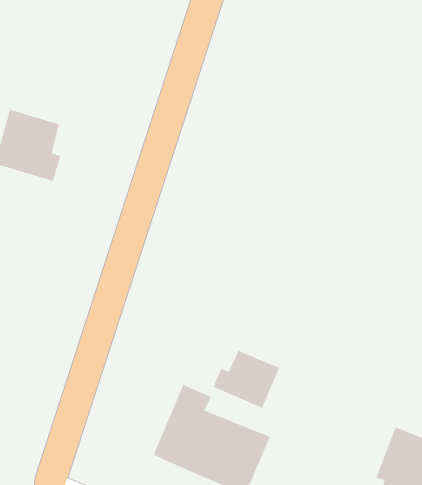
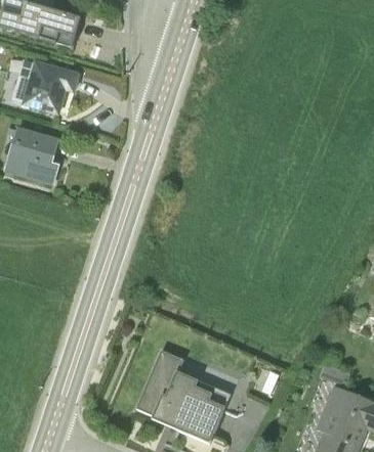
building: none -> [23,59,80,116]
building: [212,350,280,409] -> none

